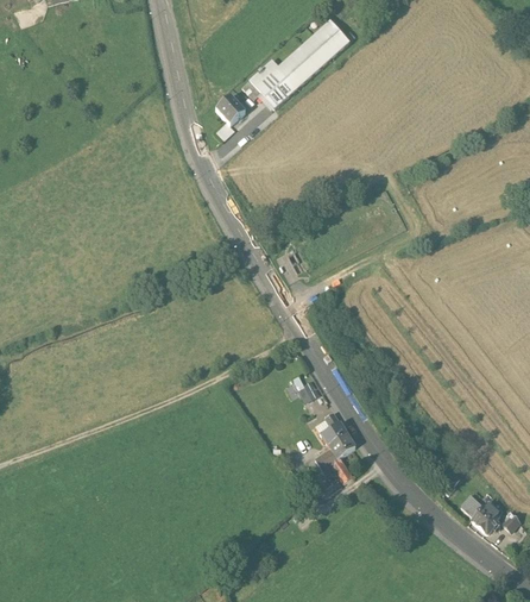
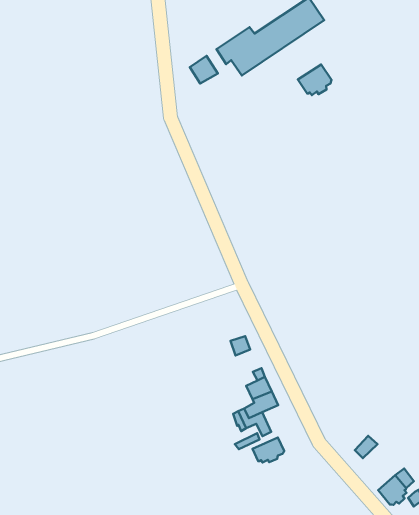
building: none -> [298,64,332,95]
building: none -> [253,438,284,463]

